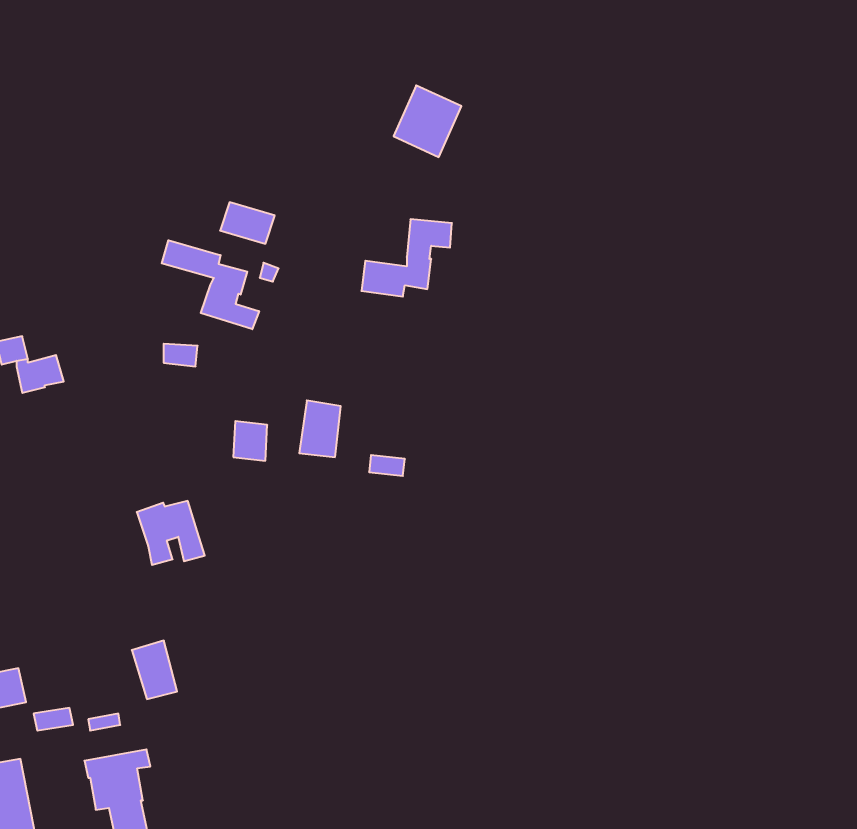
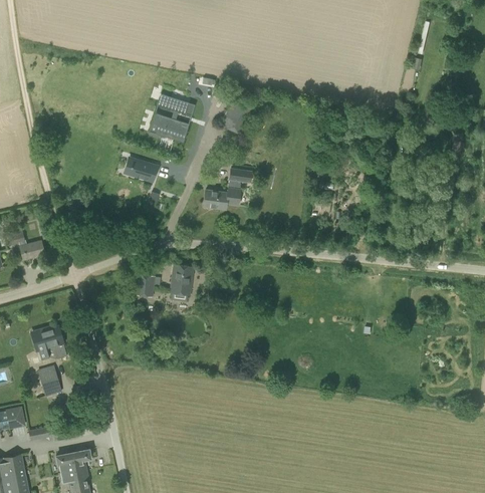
building: none -> [155,93,189,143]
building: [162,240,259,329] -> none
building: [137,501,205,565] -> [31,326,67,360]
building: [132,641,177,699] -> [37,364,61,396]

